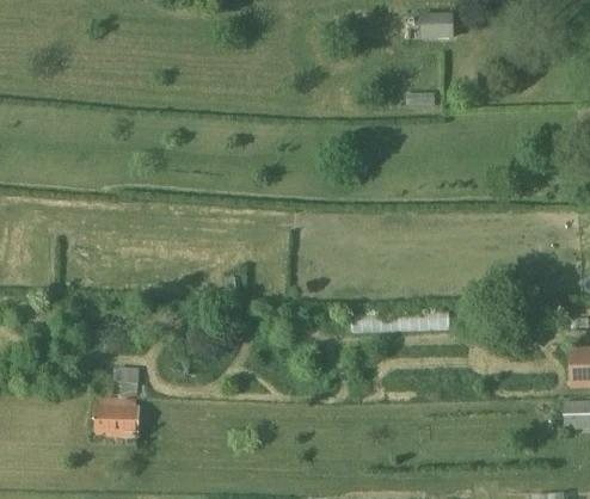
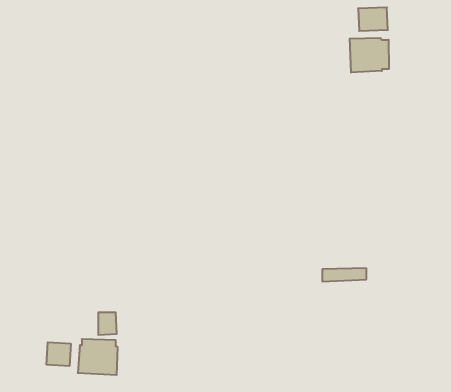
building: none -> [350,38,389,73]
building: none -> [47,342,71,366]

